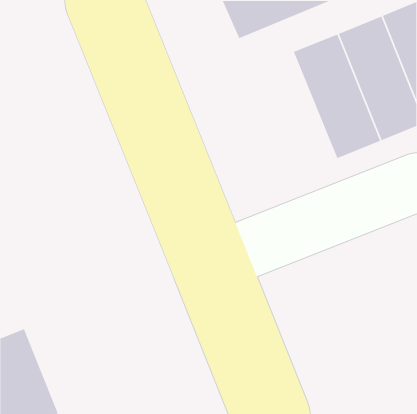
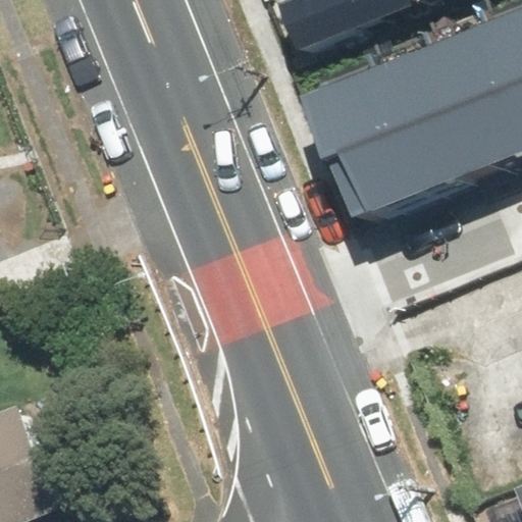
building: none -> [310,68,420,225]

